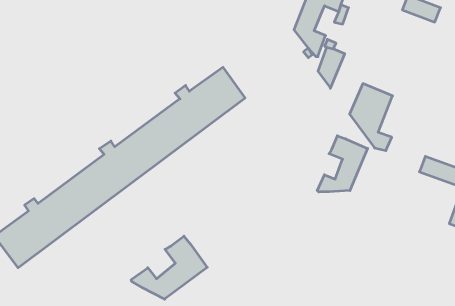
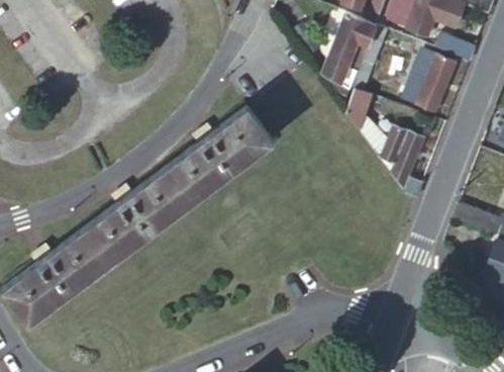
building: none -> [406,53,457,113]
building: [317,136,368,192] -> none
building: [131,236,207,299] -> none

